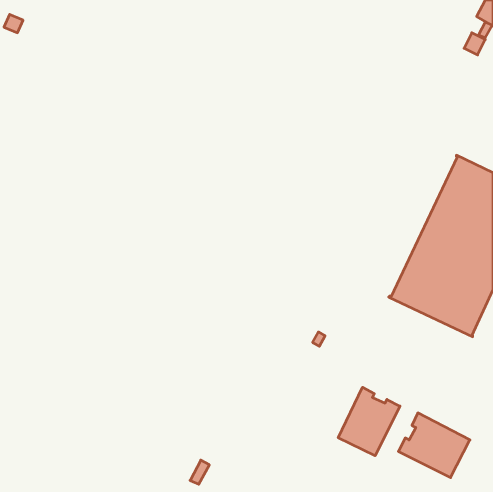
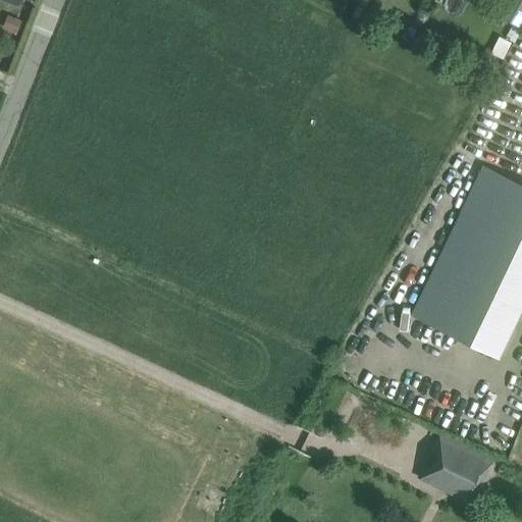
building: [338,387,400,456] -> none

